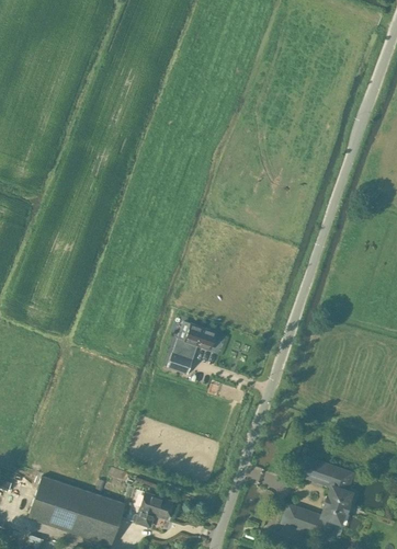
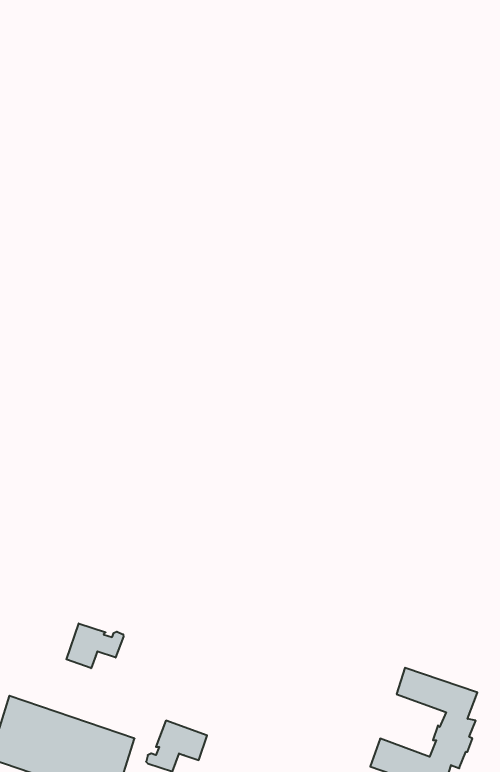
building: [169,323,218,374] -> none
building: none -> [66,623,124,668]

